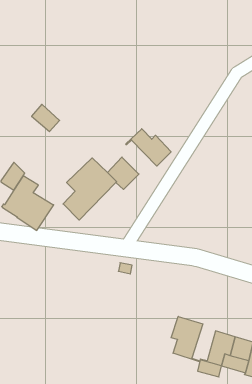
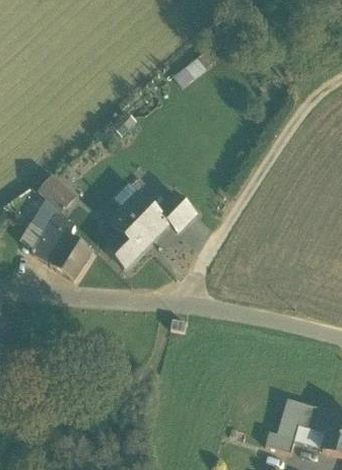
building: [32,104,60,132] -> [39,176,72,208]
building: [126,129,171,166] -> none
building: [171,316,203,362] -> none

